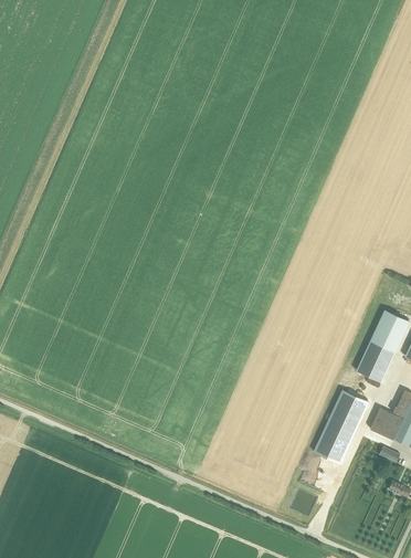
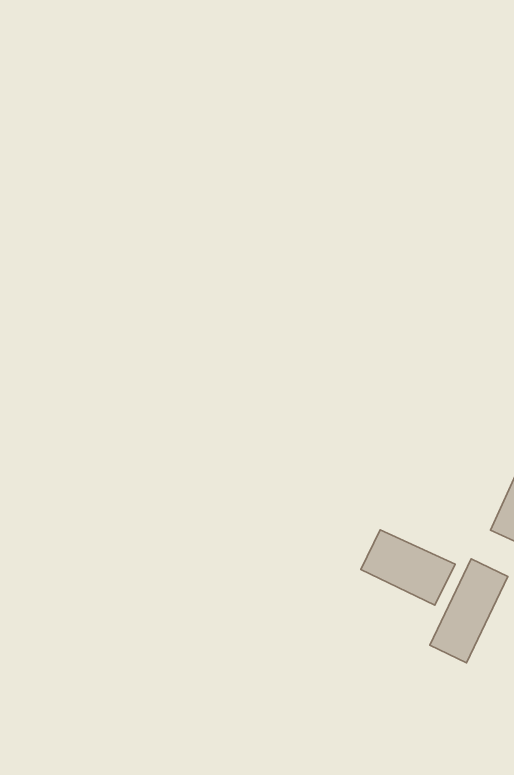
building: none -> [361,530,455,605]

